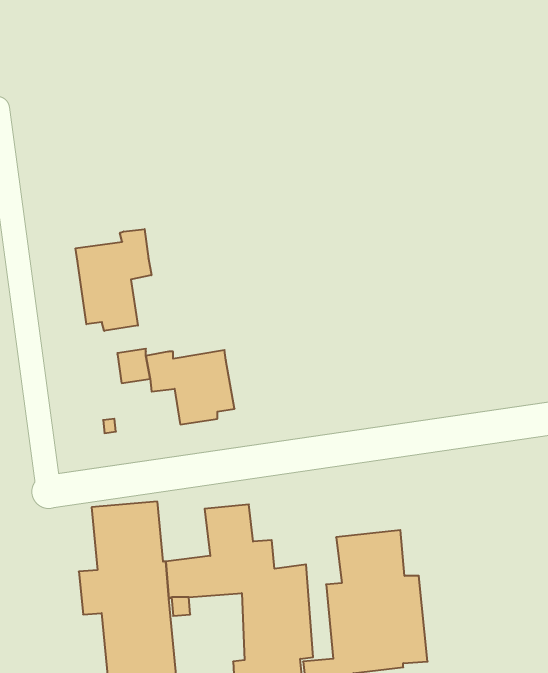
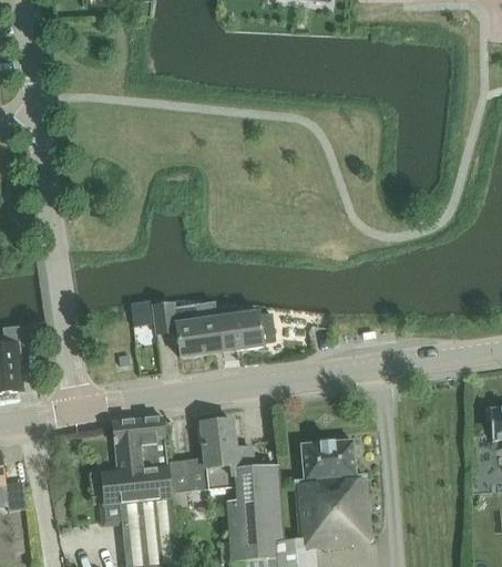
building: [76,229,151,331] -> none
building: none -> [215,305,277,349]

